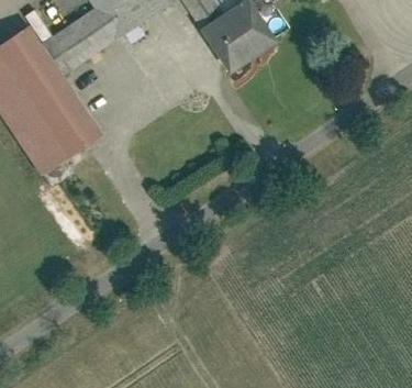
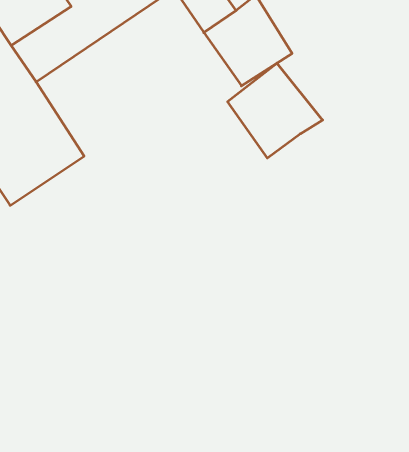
building: none -> [228,63,323,158]

